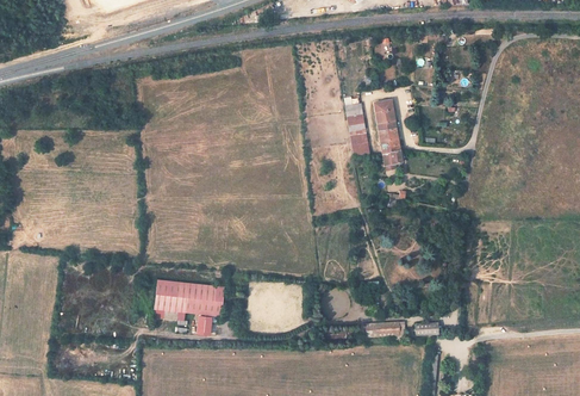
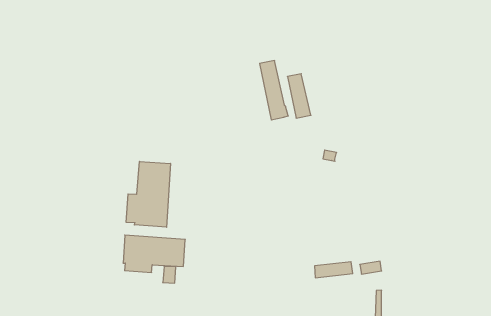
building: [374,100,403,166] -> [260,61,288,120]
building: none -> [126,161,170,227]

